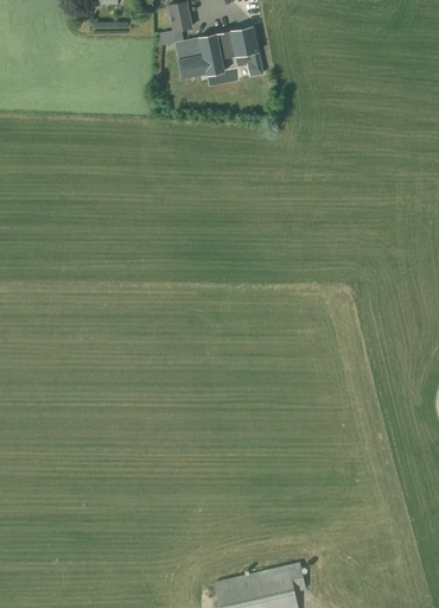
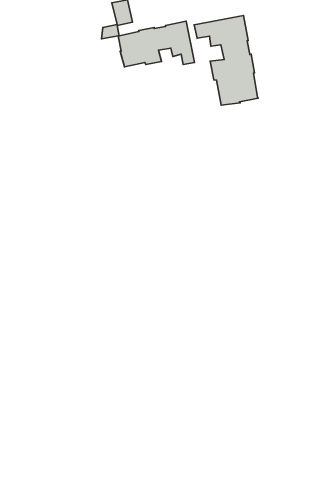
building: none -> [194,15,258,105]

